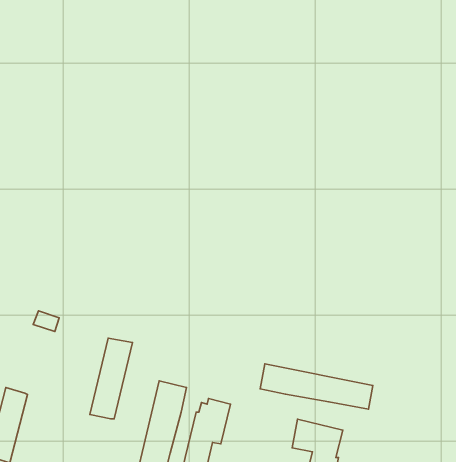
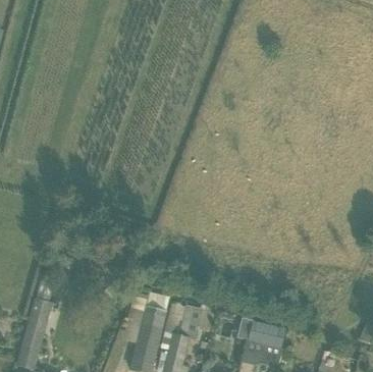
building: [90,338,132,419] -> none
building: [260,364,373,409] -> none

